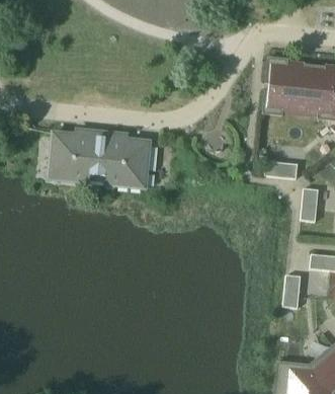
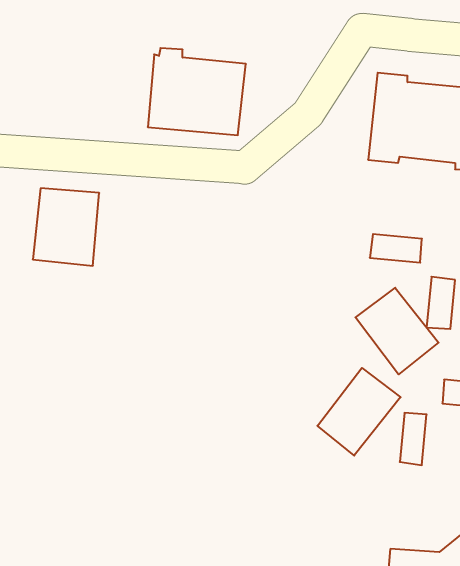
building: [88,131,151,186] -> [148,48,246,135]
building: none -> [355,288,439,374]
building: none -> [317,368,401,456]

